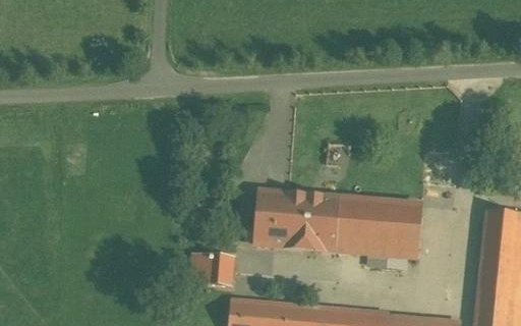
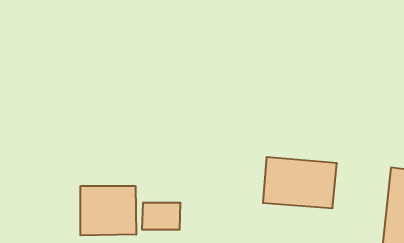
building: [254,191,339,251] -> none
building: none -> [81,186,136,235]

